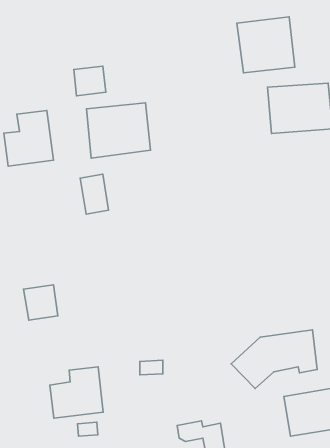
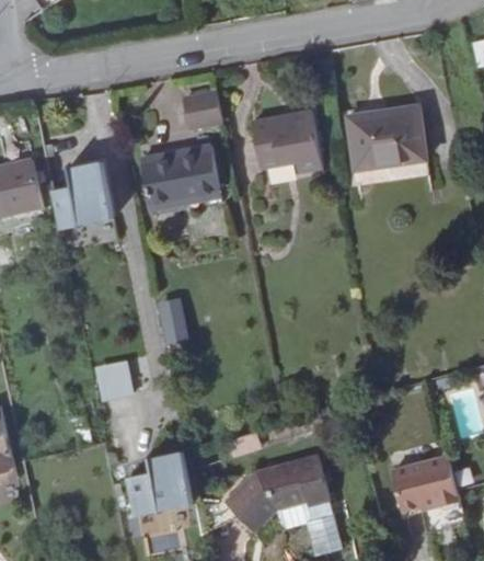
building: [237,17,295,73] -> [254,113,324,181]
building: [74,66,106,96] -> [185,92,223,128]
building: [80,174,109,214] -> [154,297,189,344]
building: [231,330,317,389] -> [228,459,326,531]

